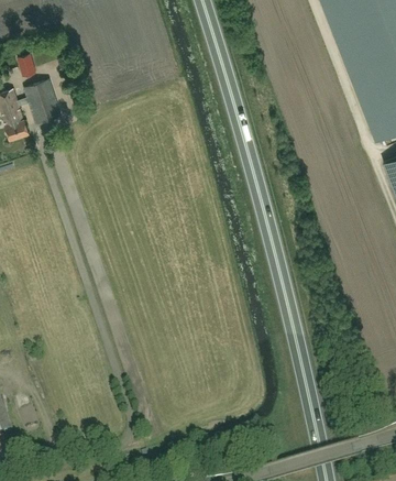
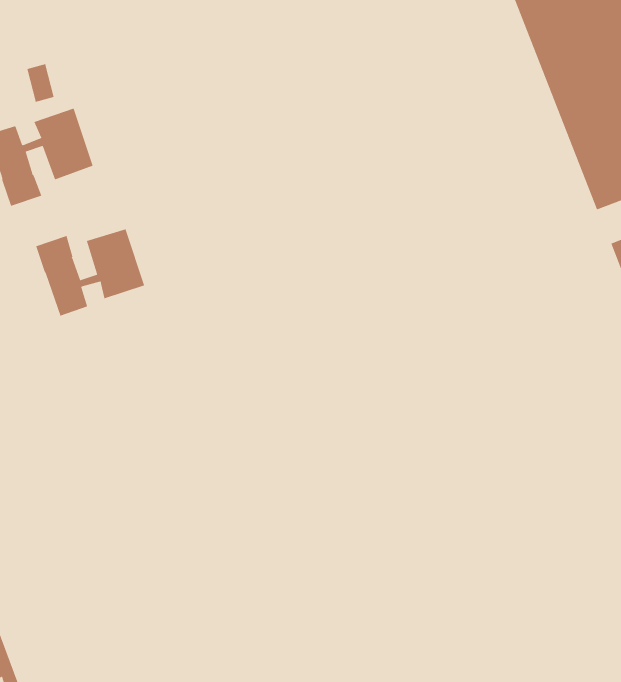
building: none -> [35,228,145,317]

